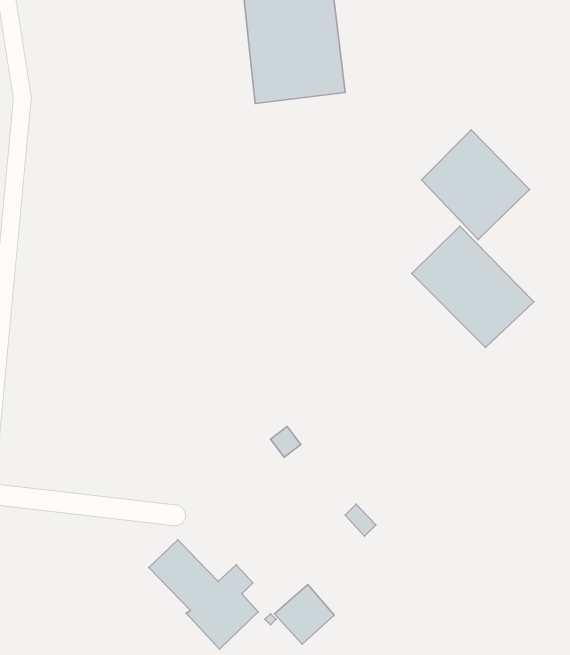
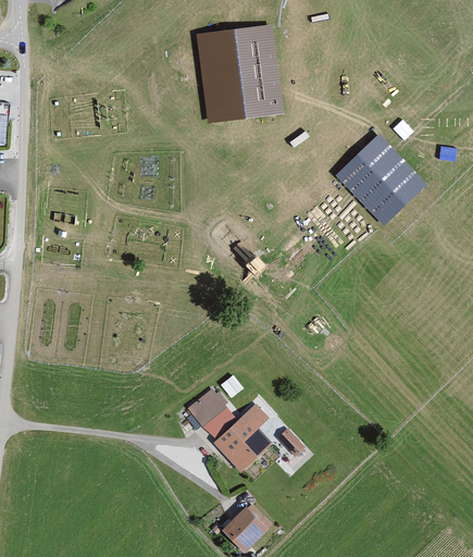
building: [412,226,534,348] -> none
building: [149,540,258,649] -> [185,386,271,472]

